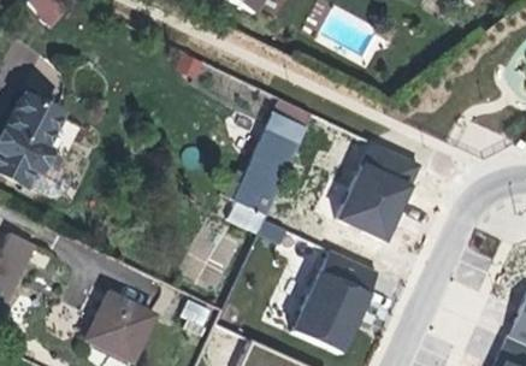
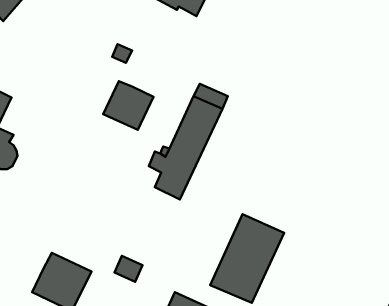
building: none -> [103,81,153,130]
building: [337,140,419,240] -> none

